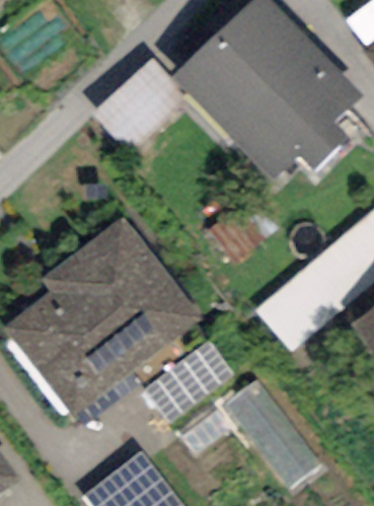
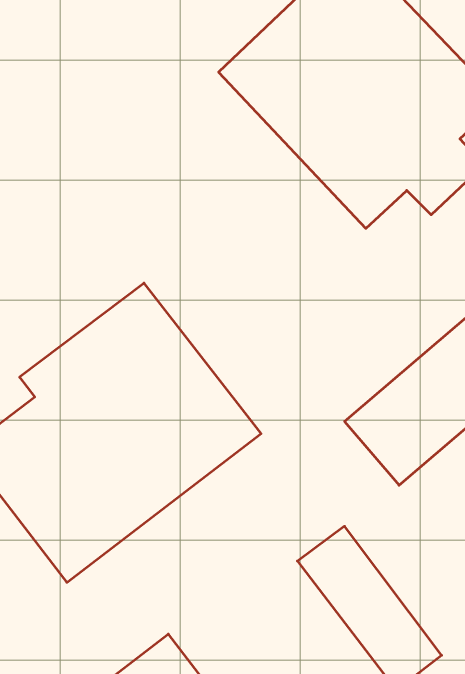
building: [145,339,234,424] -> none

